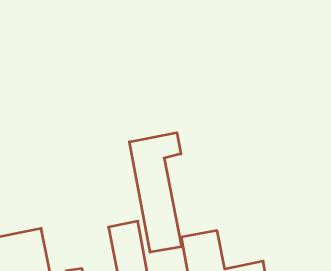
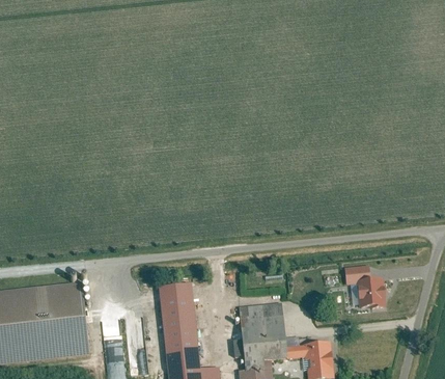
building: [129,133,182,252] -> none
building: none -> [345,266,387,309]

